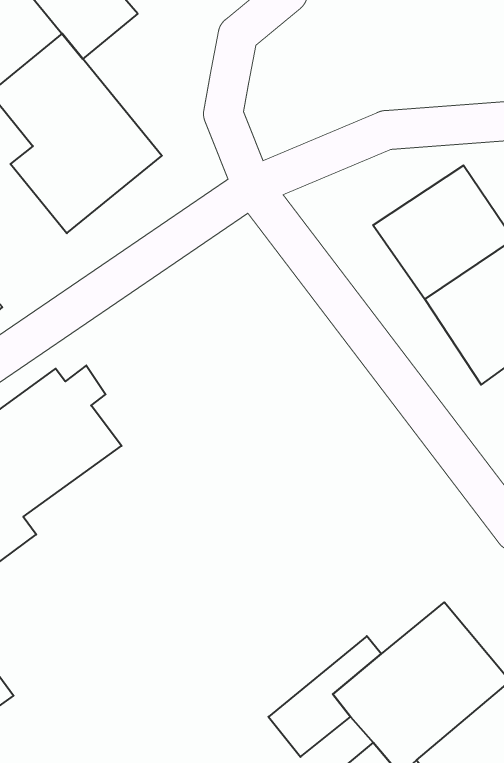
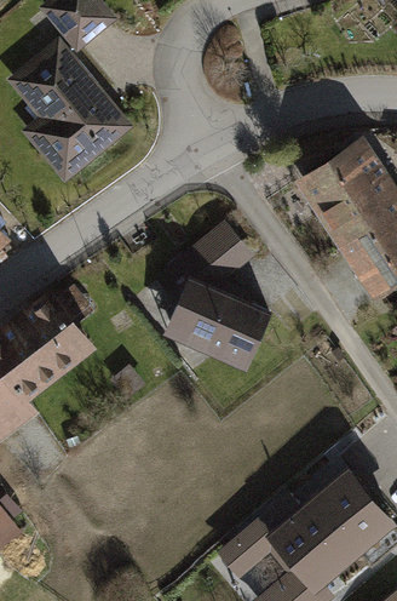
building: none -> [157,222,275,372]

